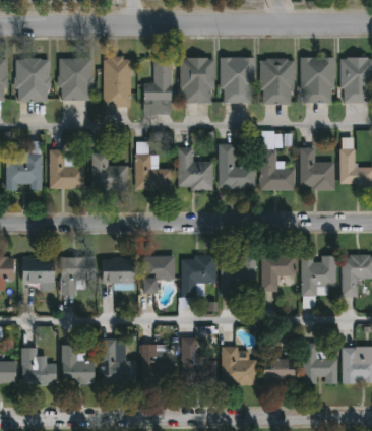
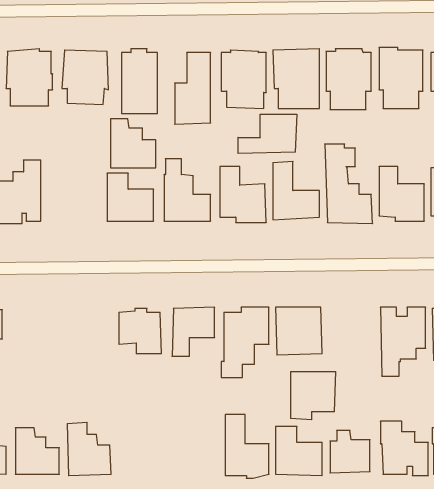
building: none -> [238,114,297,153]
building: [50,149,84,187] -> [111,119,156,168]
building: [262,255,297,292] -> [291,372,336,420]
building: [60,256,95,295] -> none
building: [18,257,52,291] -> none
building: [102,338,136,385] -> none
building: [141,344,176,384] -> none

